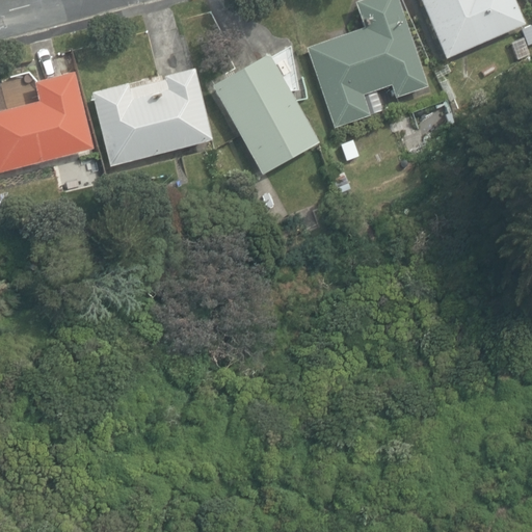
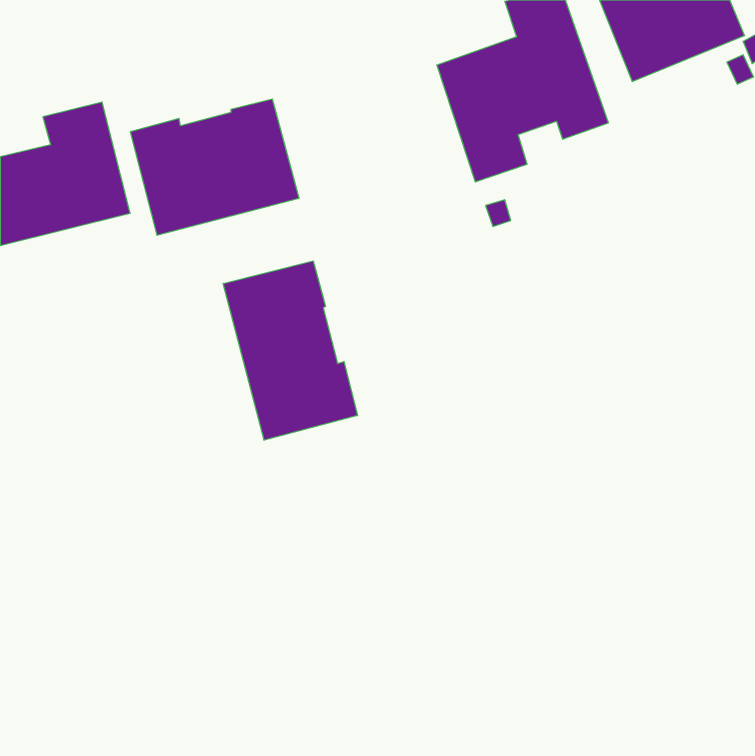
building: [212,47,320,176] -> none
building: none -> [223,261,358,440]

